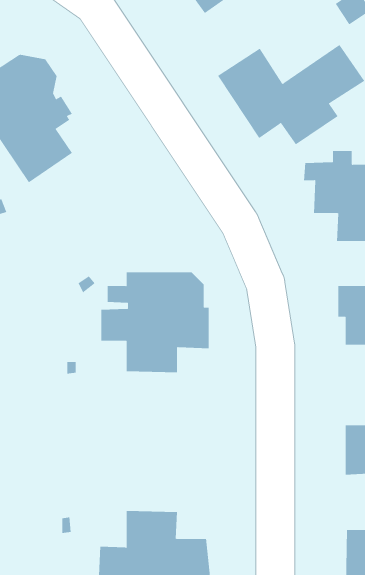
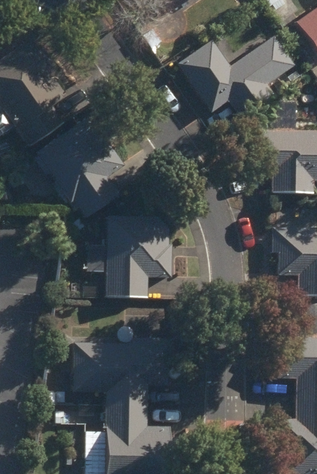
building: none -> [37,118,126,216]
building: none -> [74,338,175,406]

